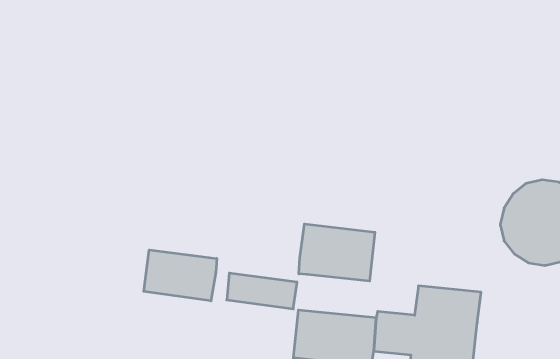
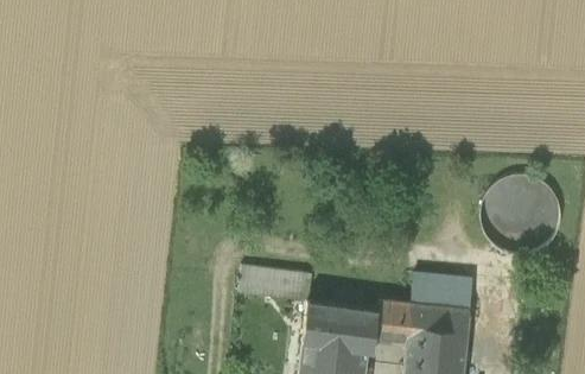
building: [299,224,375,281] -> none
building: [144,250,217,301] -> none

